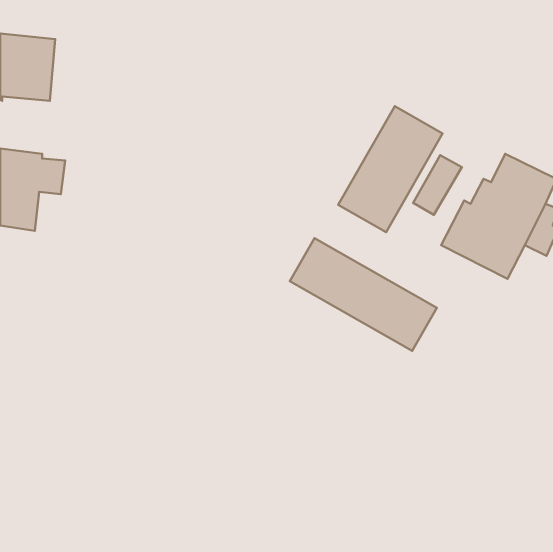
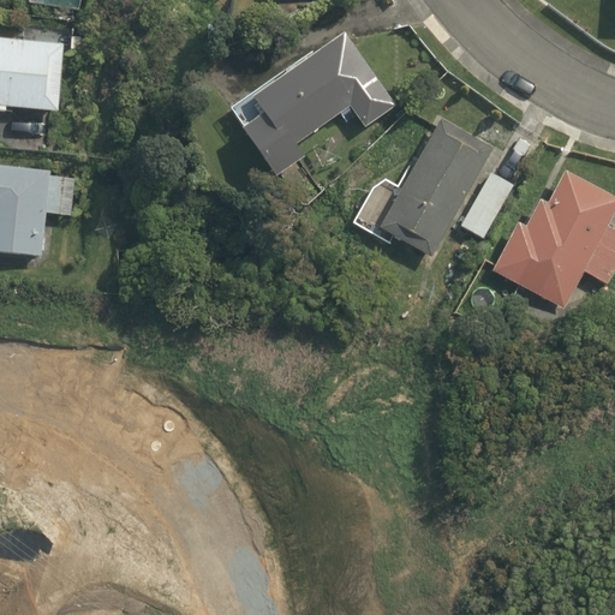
building: none -> [238,32,394,178]
building: [290,238,437,351] -> none

